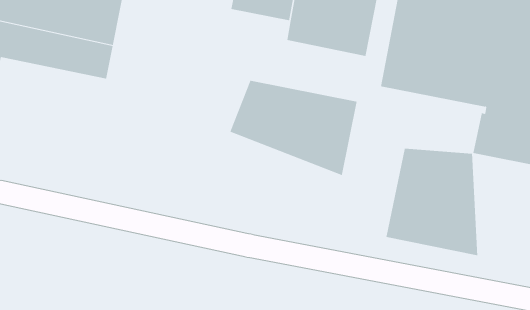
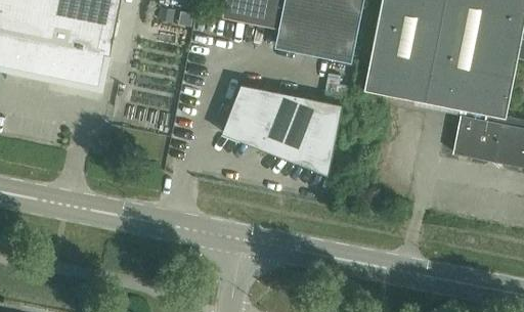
building: [386,148,478,256] -> none

